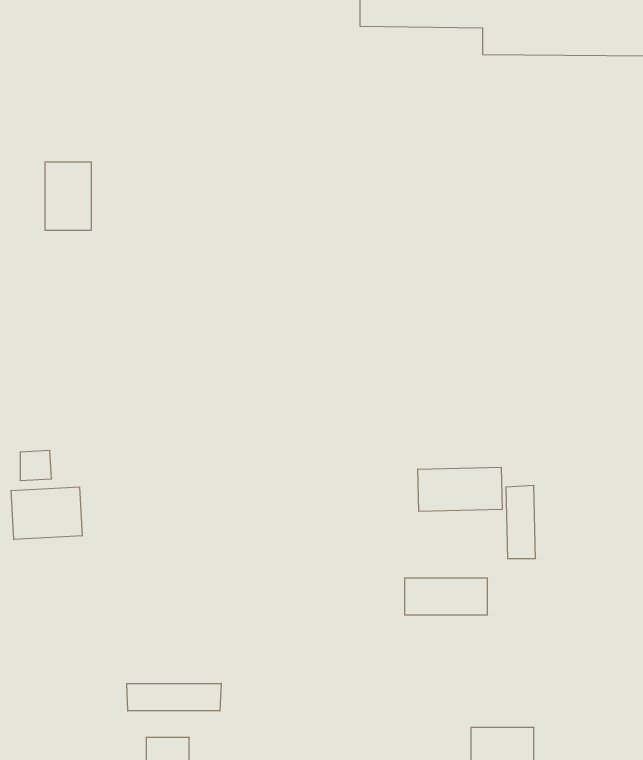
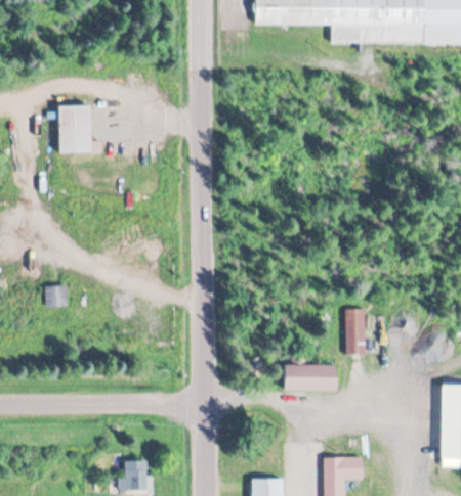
building: [418,467,502,511] -> none
building: [11,487,82,540] -> none
building: [127,683,221,711] -> none

